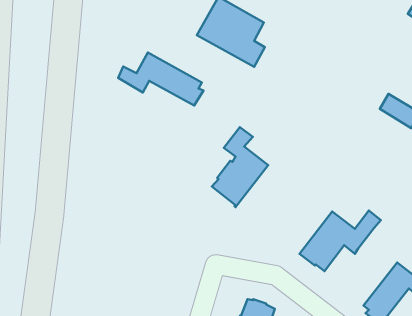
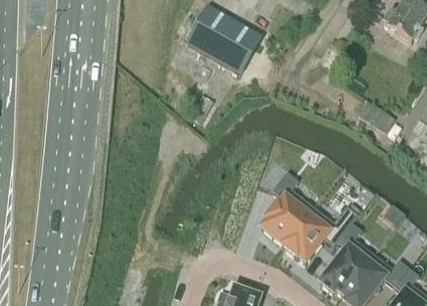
building: [118,53,203,105] -> none
building: [212,127,268,207] -> [259,170,311,245]
building: none -> [318,220,372,293]

